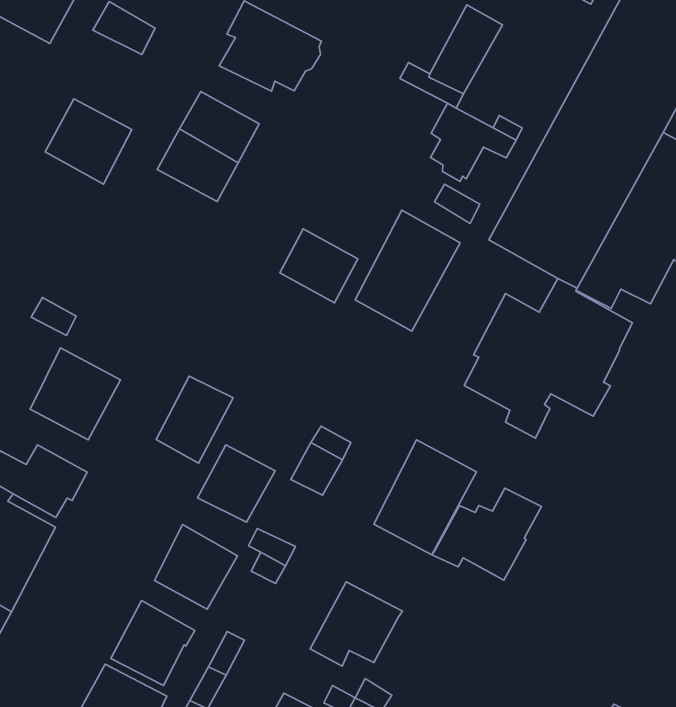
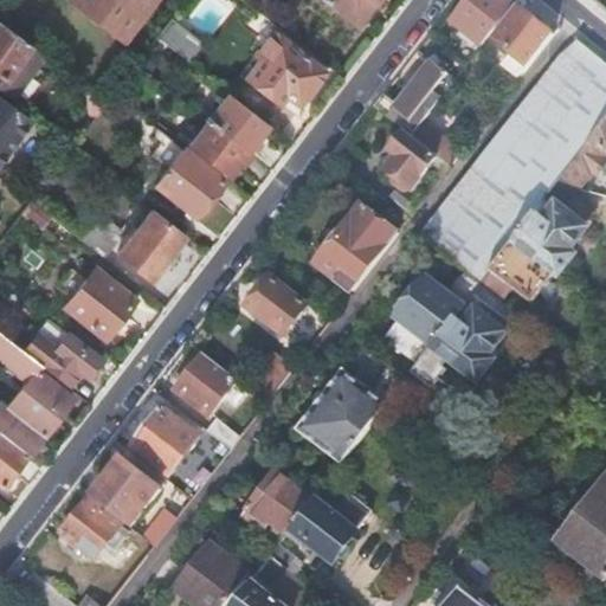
building: [45,99,132,184] -> [152,144,218,211]
building: [280,229,358,303] -> [246,278,305,336]
building: [156,376,233,463] -> [117,212,179,277]
building: [432,488,542,580] -> [282,494,368,561]

